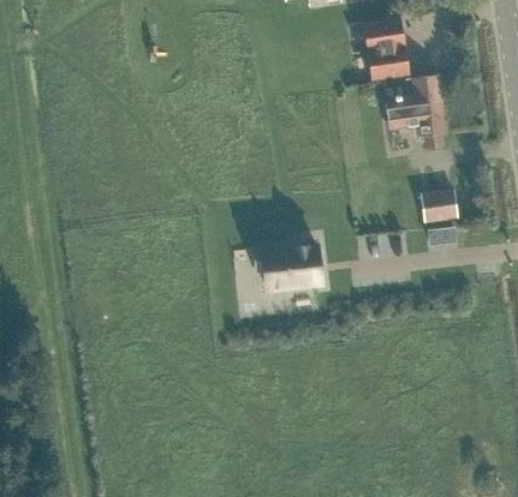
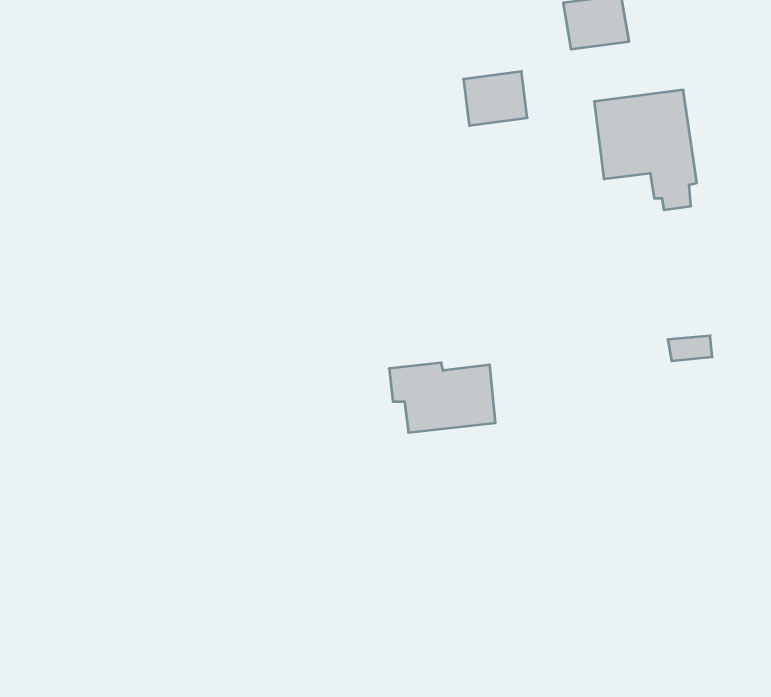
building: [369,43,409,77] -> [463,71,527,126]
building: [422,191,459,220] -> none

